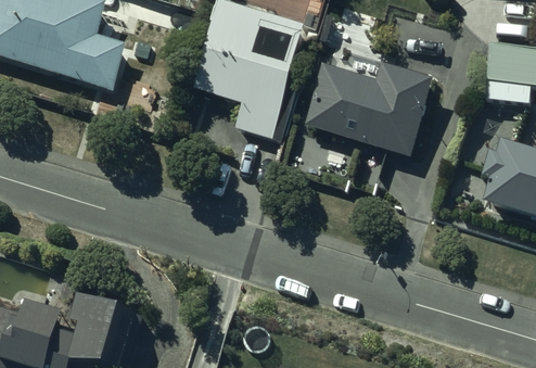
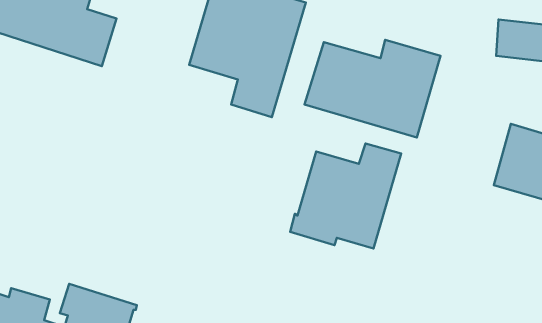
building: none -> [290,143,401,249]

